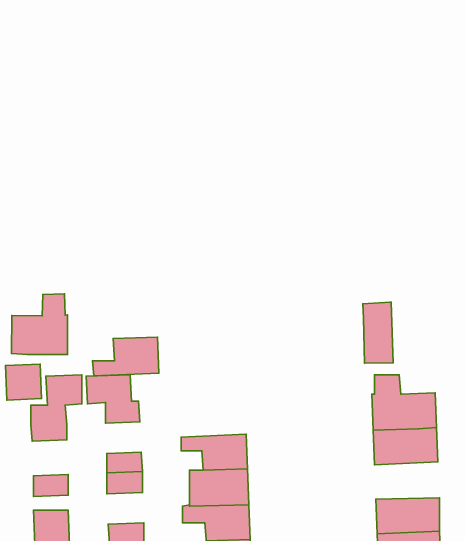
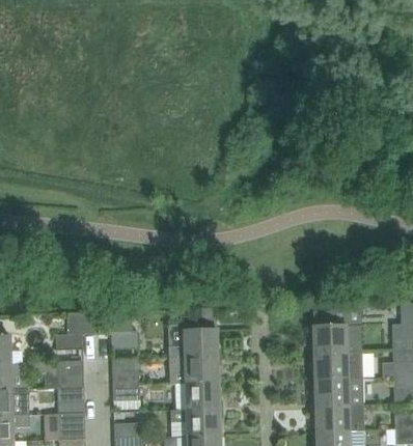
building: [11,294,68,354] -> none
building: [363,302,393,363] -> none
building: [92,337,159,376] -> [168,330,218,359]
building: [6,364,41,400] -> [57,361,84,388]
building: none -> [314,378,363,406]

